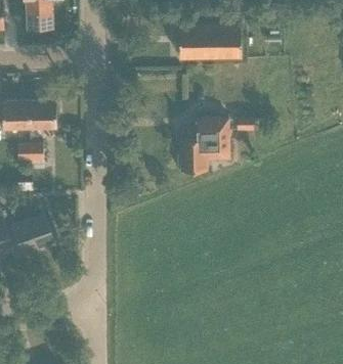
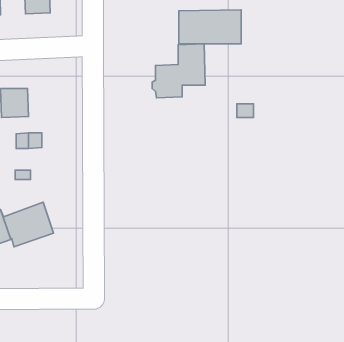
building: [29,101,56,130] -> none
building: [177,119,229,172] -> [152,44,205,98]

